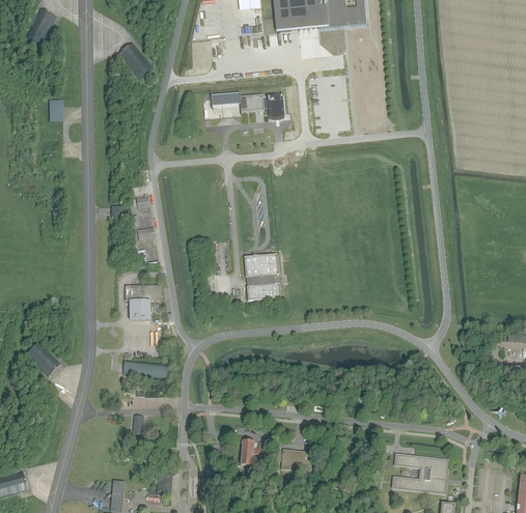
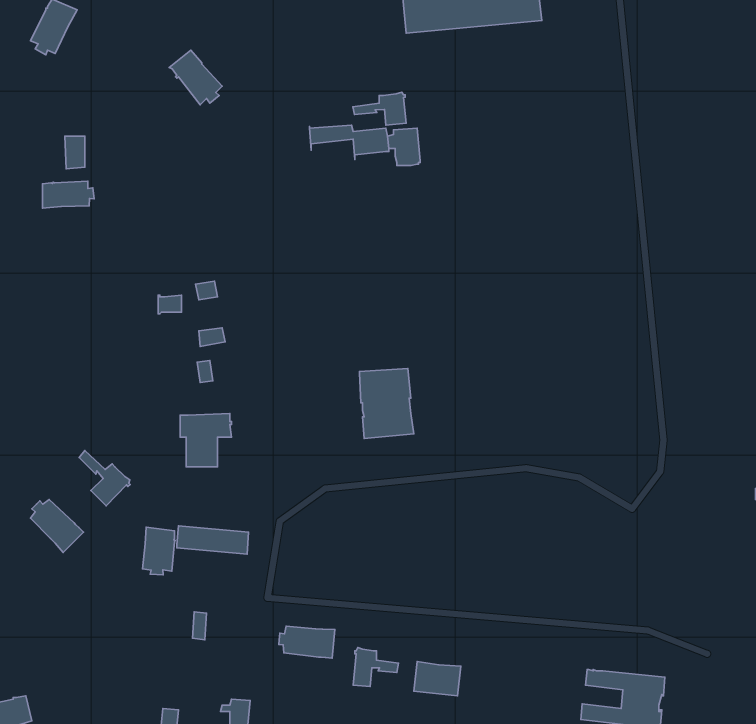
building: none -> [353,92,406,125]
building: none -> [42,181,94,208]
building: none -> [79,451,130,506]
building: none -> [142,527,175,575]
building: none -> [279,626,335,658]

